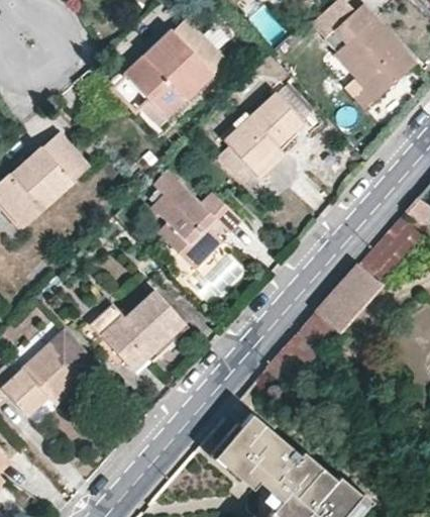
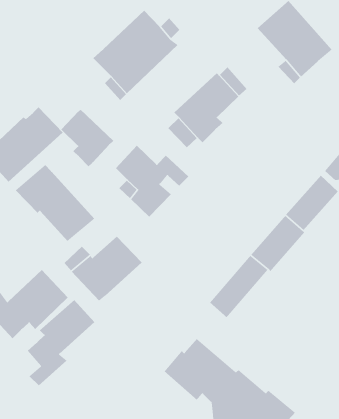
building: none -> [61,109,114,167]
building: none -> [15,164,95,242]
building: none -> [27,299,95,386]

